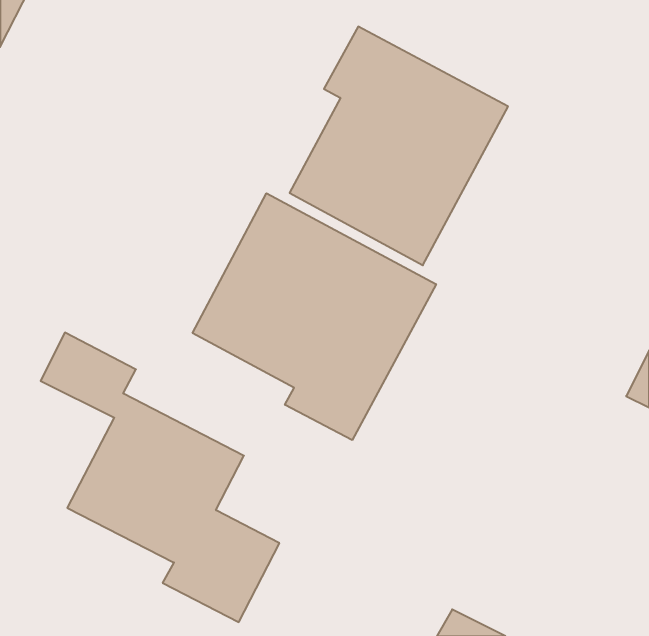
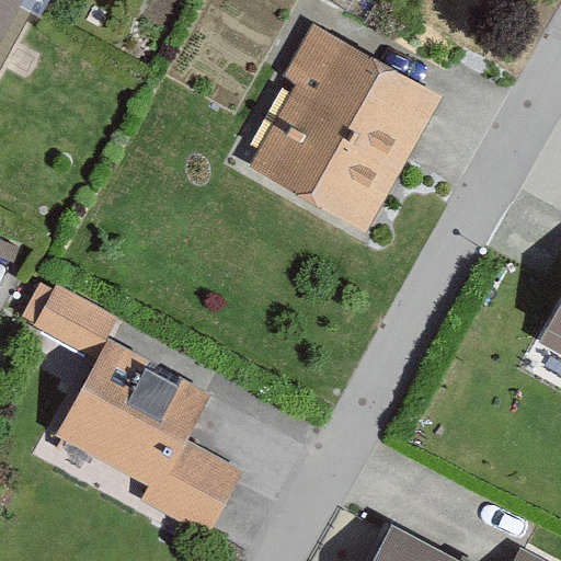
building: [193,193,436,440] -> none

